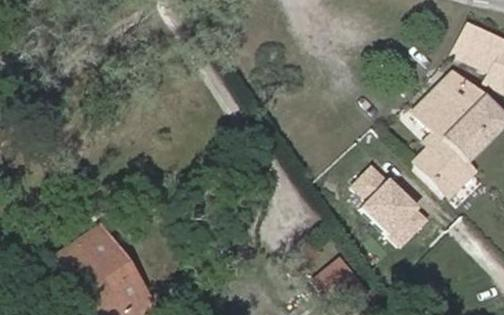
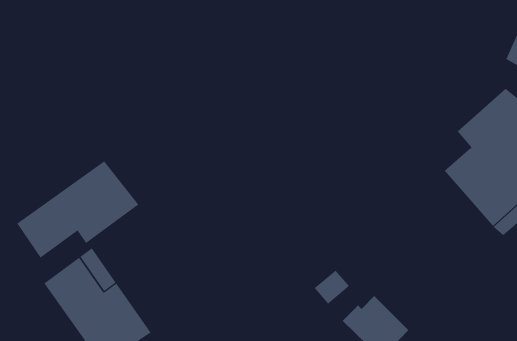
building: none -> [16,161,139,258]
building: [350,163,424,242] -> none

